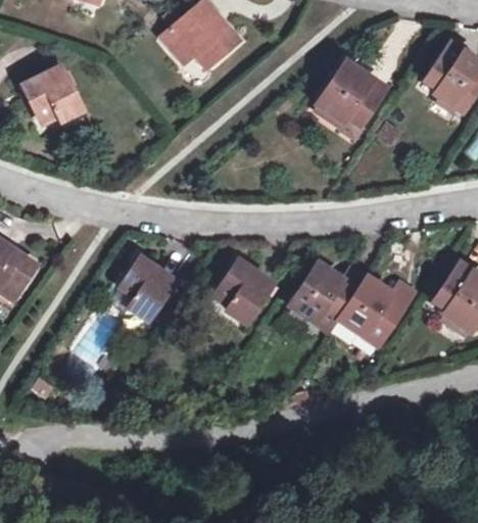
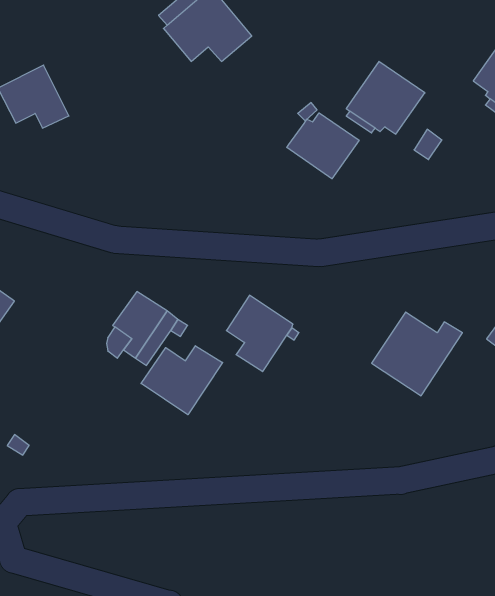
building: none -> [287,113,359,179]
building: [290,266,368,331] -> none
building: none -> [141,346,223,415]

